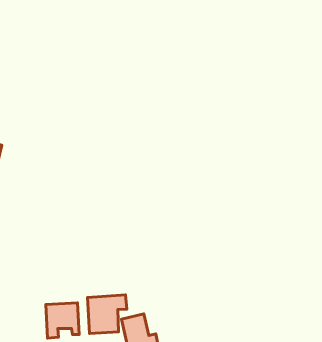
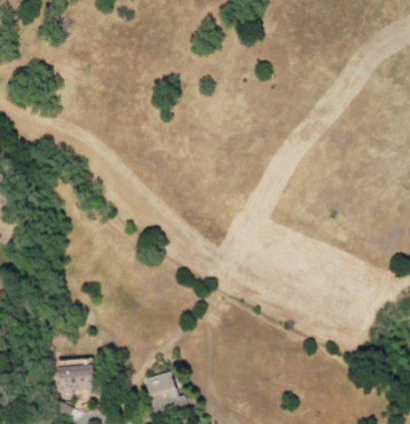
building: [88,295,127,333] -> none

